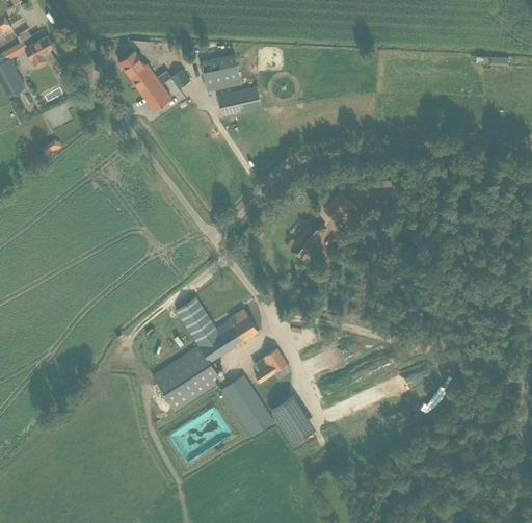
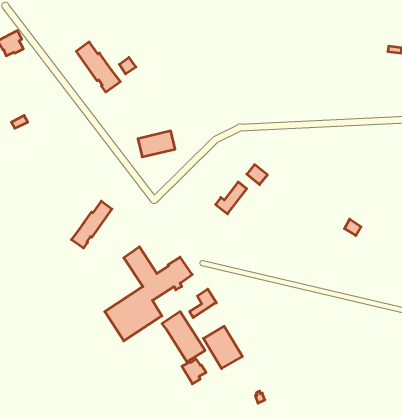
building: [200,53,241,93] -> none
building: [217,87,262,119] -> [138,131,175,157]
building: none -> [71,201,112,248]
building: none -> [182,359,206,384]

